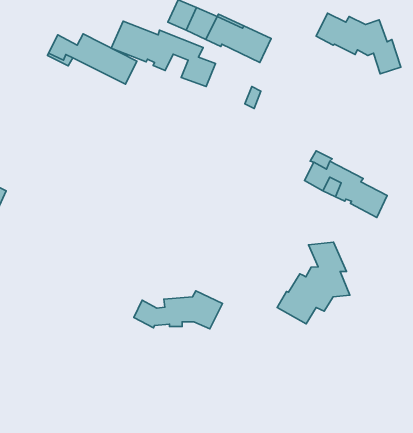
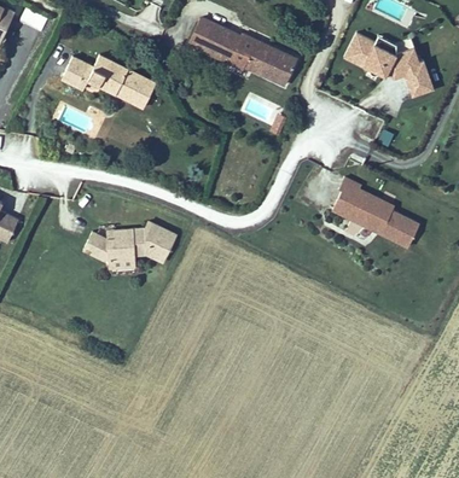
building: [111,21,216,87] -> none
building: [277,242,350,324] -> none
building: [134,291,222,329] -> [83,222,176,262]

